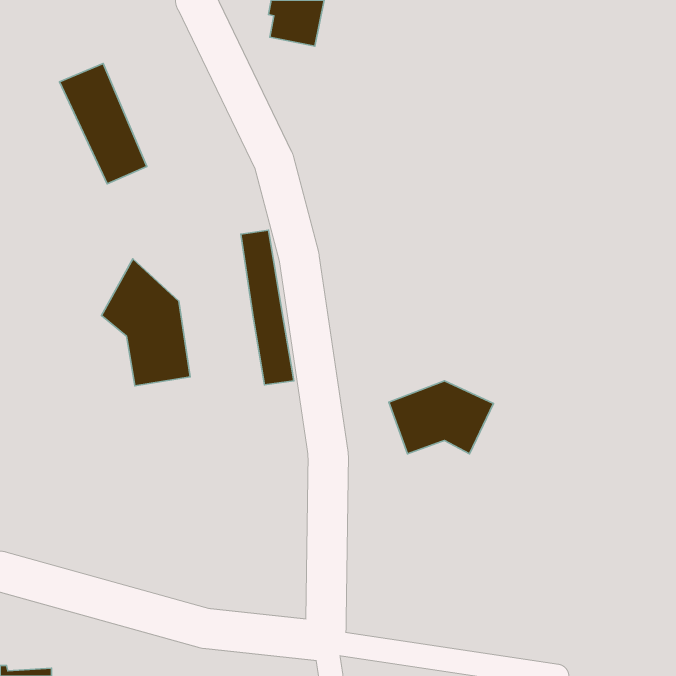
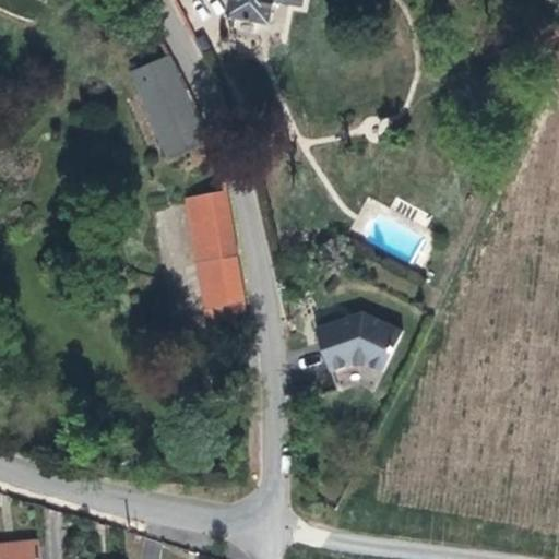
building: [60,63,147,184] -> [126,50,198,150]
building: [101,259,190,386] -> none

